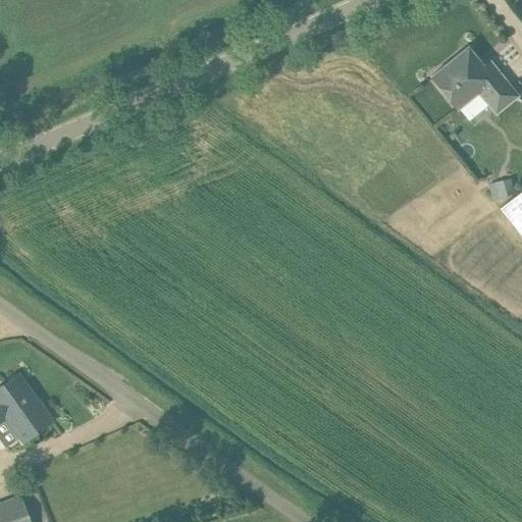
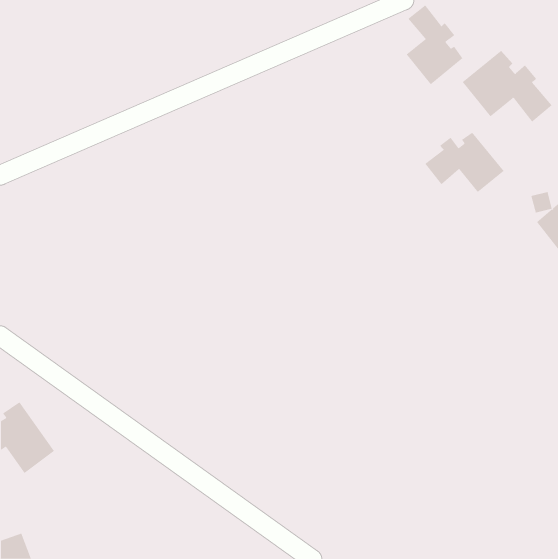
building: none -> [406,5,463,85]
building: none -> [425,132,505,193]

